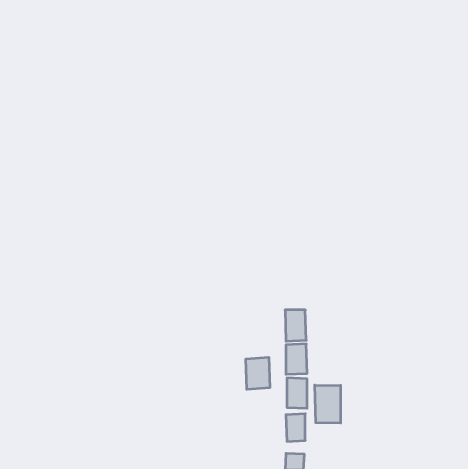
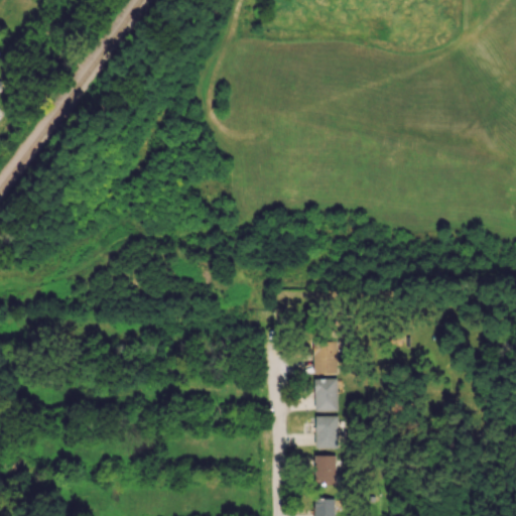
building: [246,357,270,389] -> none
building: [315,385,341,423] -> none

